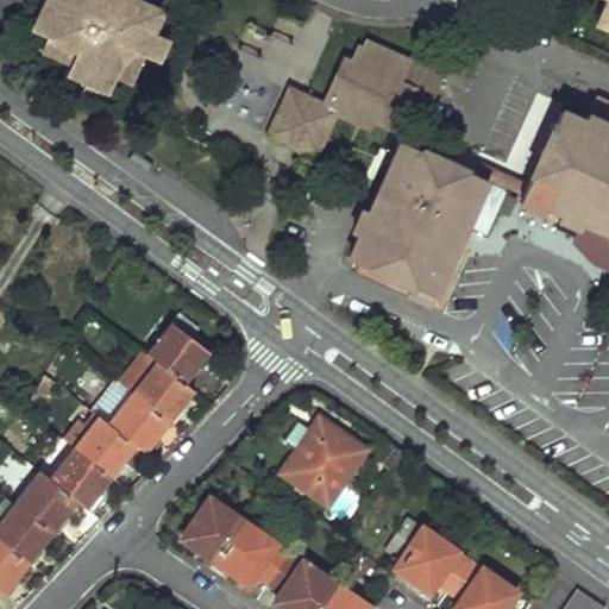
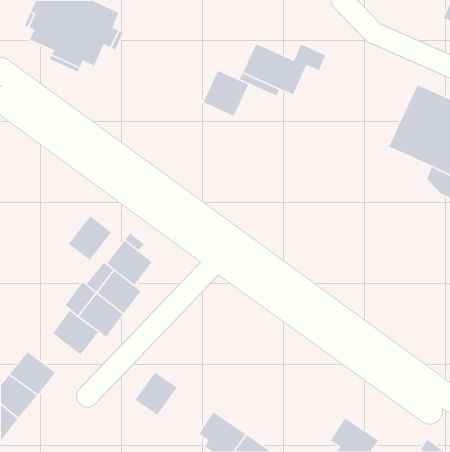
building: [354,42,407,81] -> none
building: [353,146,490,301] -> none
building: none -> [68,215,112,261]
building: [281,429,362,503] -> none
building: [49,448,111,509] -> none
building: [383,520,466,592] -> none
building: [214,521,289,584] -> none

